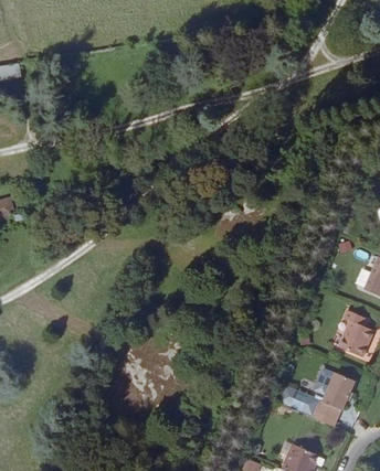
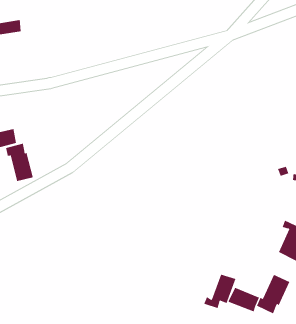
building: none -> [6,143,33,182]
building: none -> [204,274,236,309]

